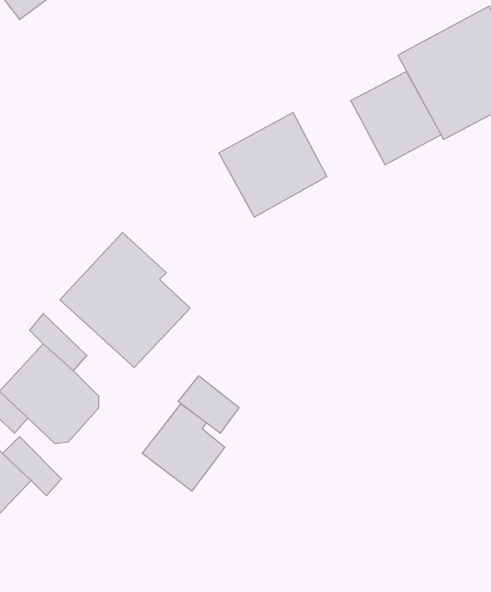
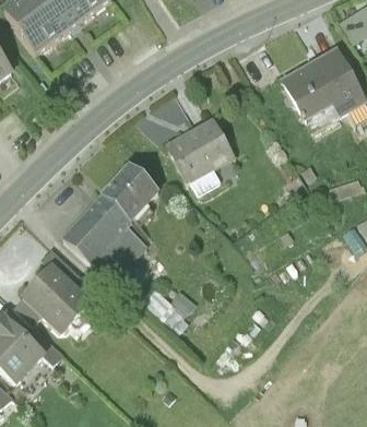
building: [351,72,441,165] -> none
building: none -> [102,162,158,218]
building: [142,404,225,491] -> none

